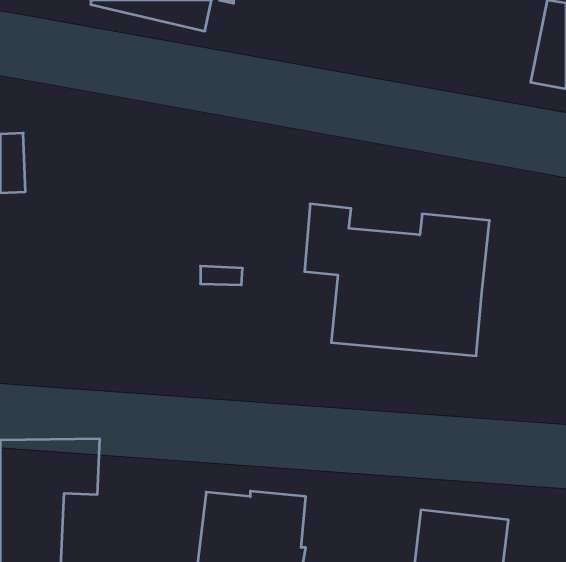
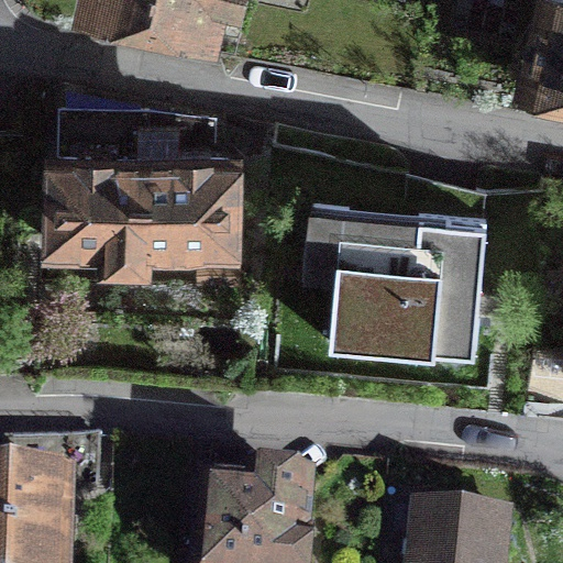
building: none -> [57,110,227,268]

